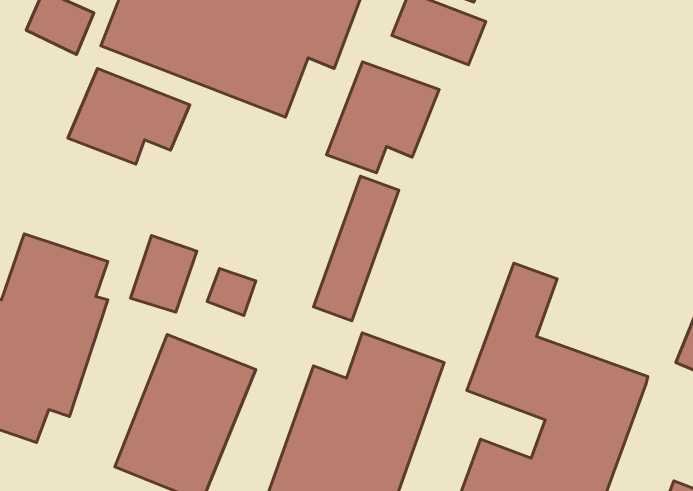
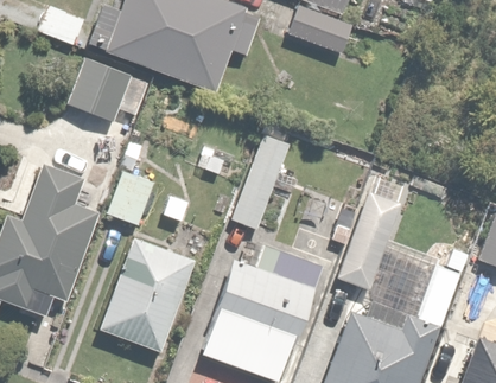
building: [327,62,439,173] -> none

